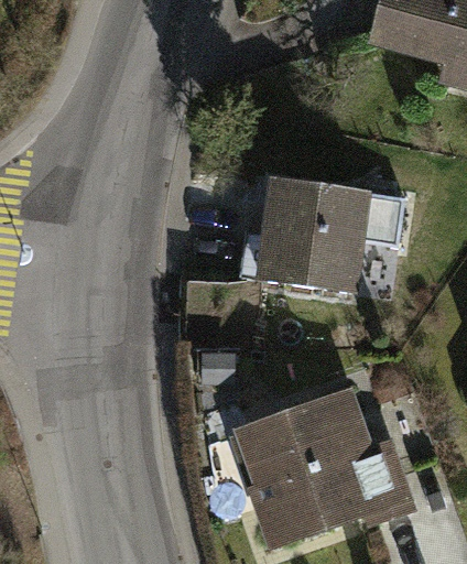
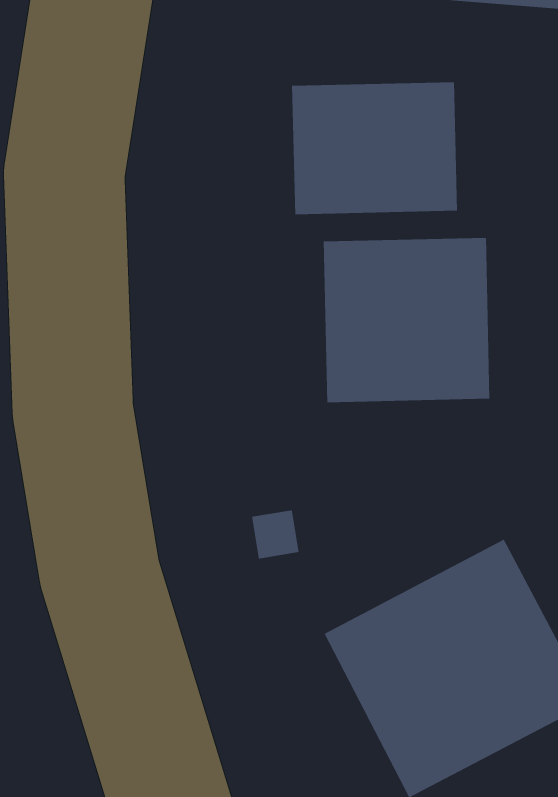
building: none -> [291,81,458,215]

